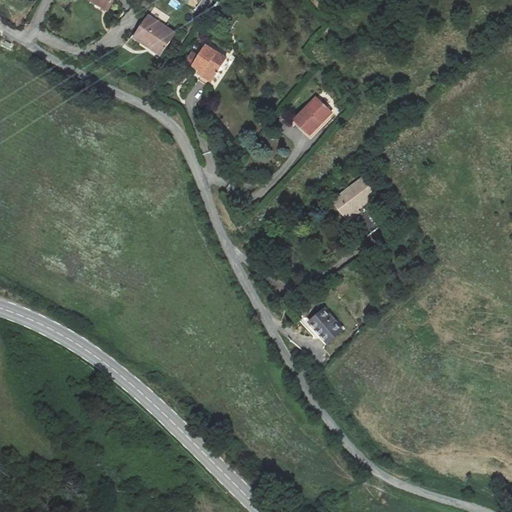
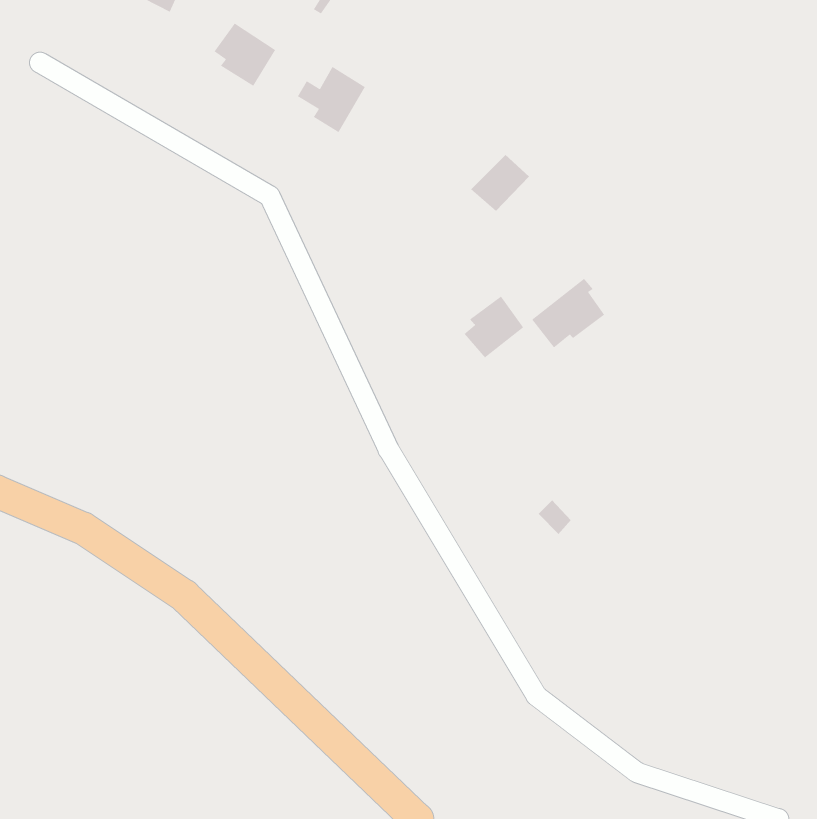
building: none -> [463,296,524,358]
building: [308,309,340,342] -> none

